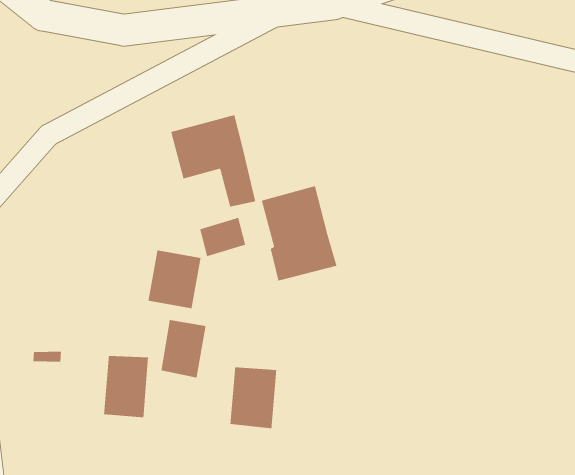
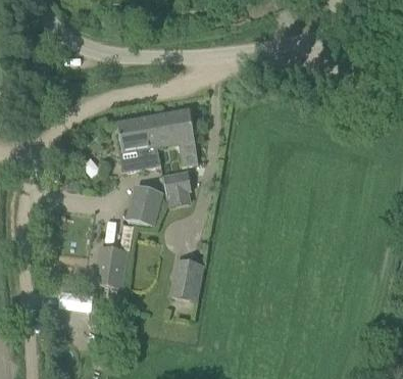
building: [261,185,338,282] -> [116,115,159,172]
building: [160,319,206,379] -> none

